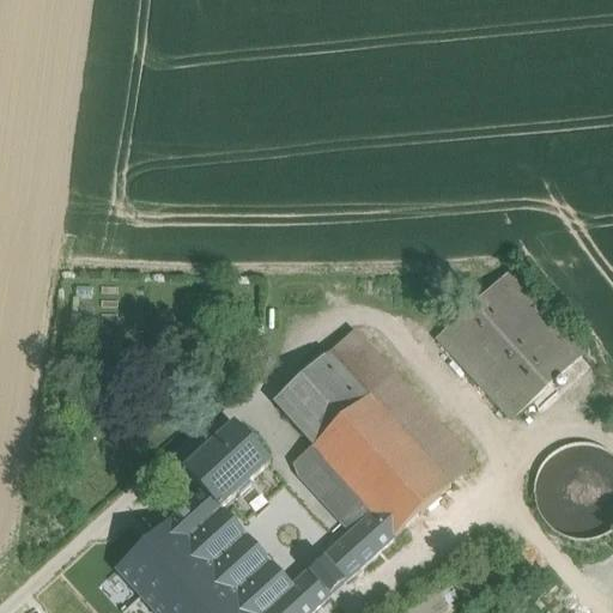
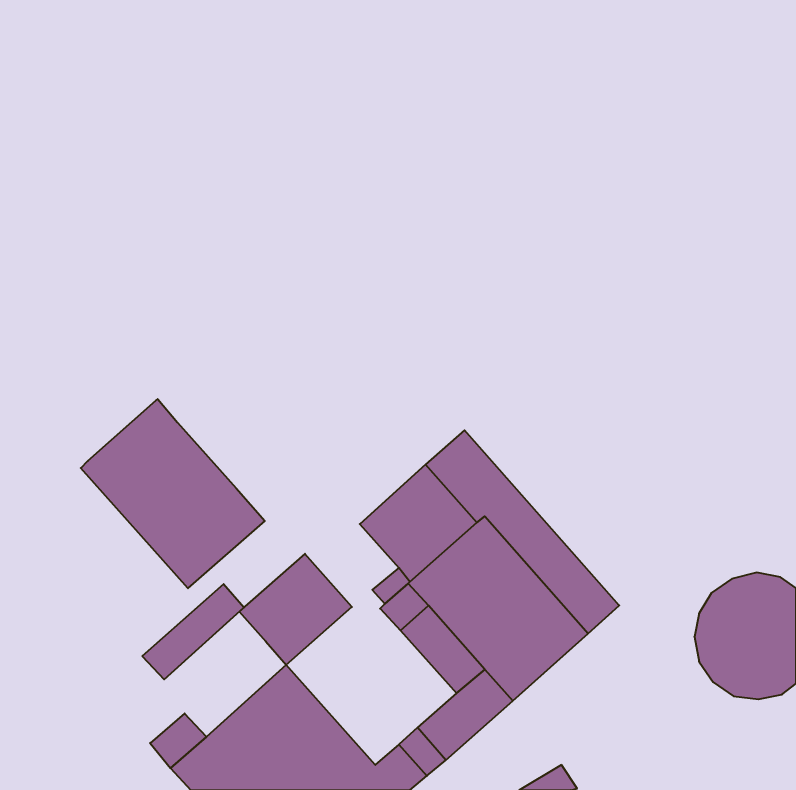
building: [436,269,579,414] -> none
building: none -> [81,399,265,588]
building: [141,491,219,564] -> [142,584,244,679]

